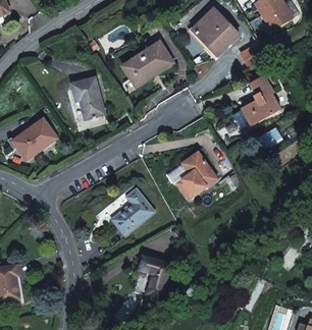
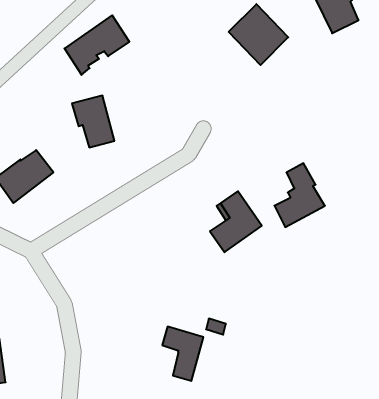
building: [122,40,172,86] -> [64,15,129,75]
building: [241,74,279,123] -> [274,163,325,227]
building: [111,188,154,234] -> none

